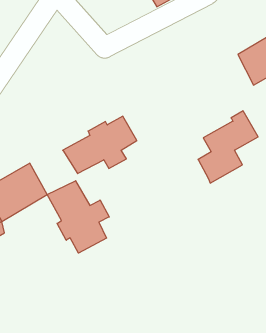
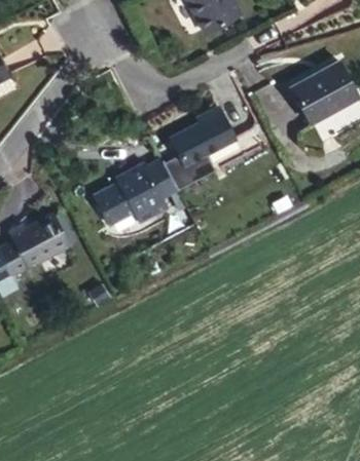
building: [198,111,258,183] -> [164,108,235,193]
building: [47,181,109,253] -> none

